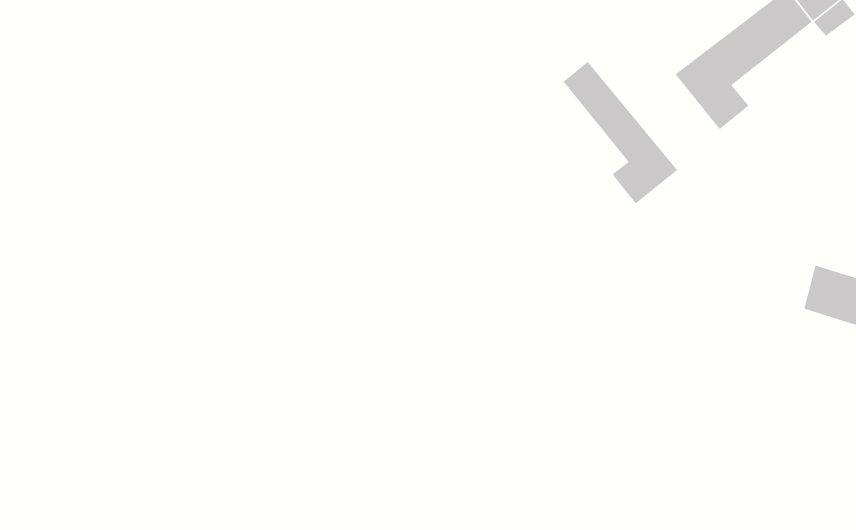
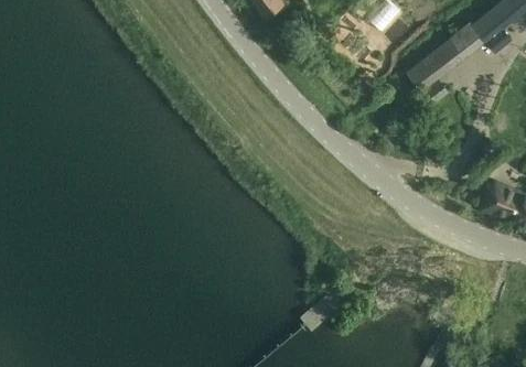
building: [563,61,678,204] -> none

